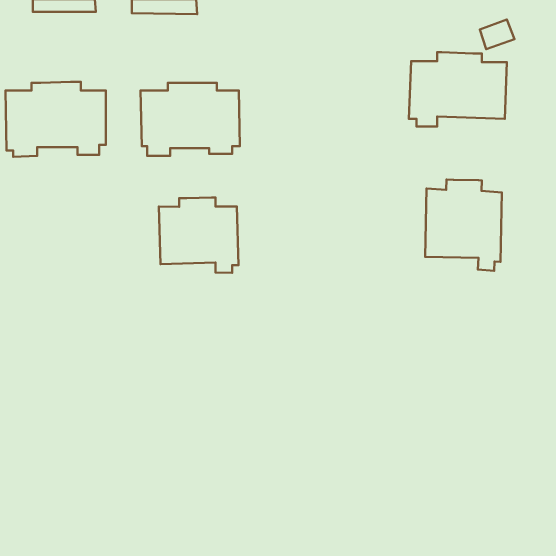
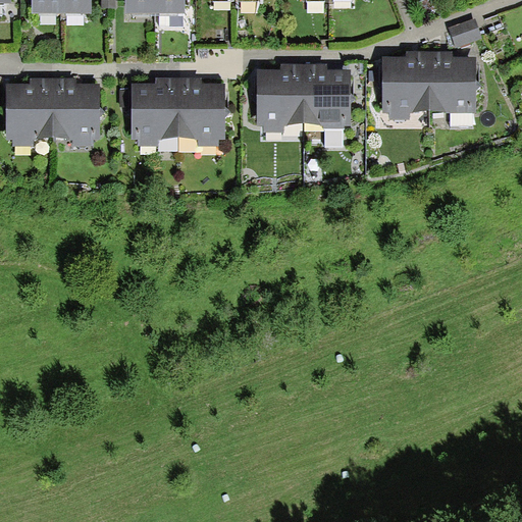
building: none -> [256,63,350,130]
building: [425,179,502,271] -> none
building: [159,197,238,273] -> none

